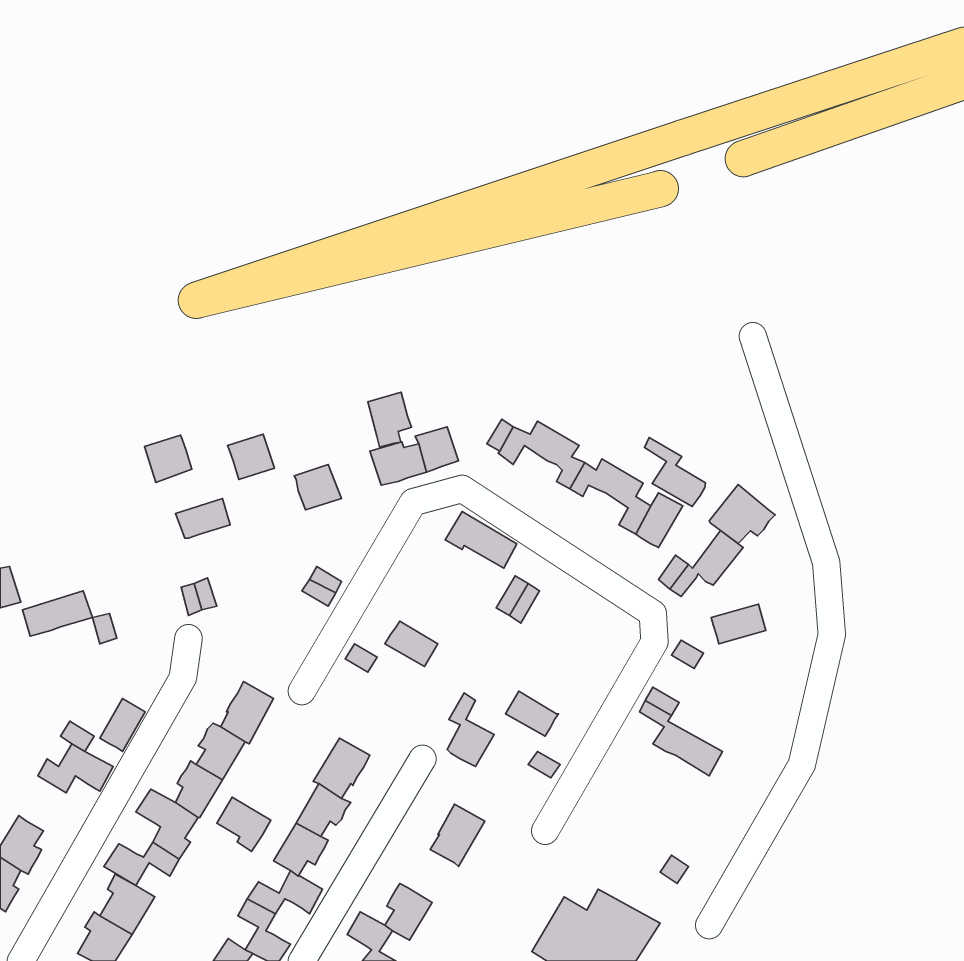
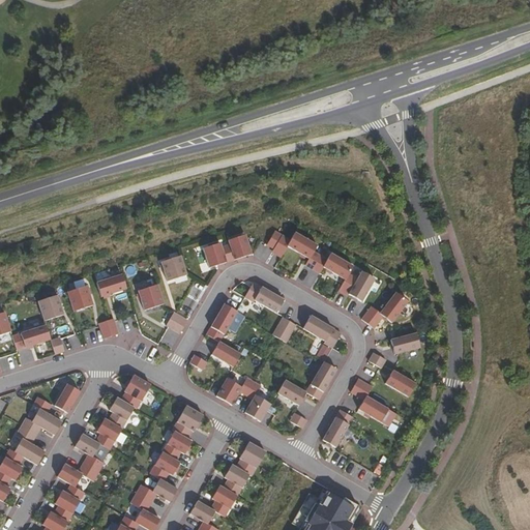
building: [368,392,412,447] -> none
building: [227,434,275,480] -> [138,284,164,308]
building: [145,435,192,482] -> [67,285,93,311]
building: [645,438,705,507] -> none
building: [709,485,775,544] -> none
building: none -> [38,294,64,320]
building: none -> [206,302,237,341]
building: none -> [303,314,342,347]
building: none -> [305,360,336,399]
building: none -> [385,369,416,395]
building: none -> [216,376,255,404]
building: none -> [323,408,353,446]
building: none -> [14,425,45,464]
building: [217,797,271,851] -> none
building: none -> [224,464,249,495]

